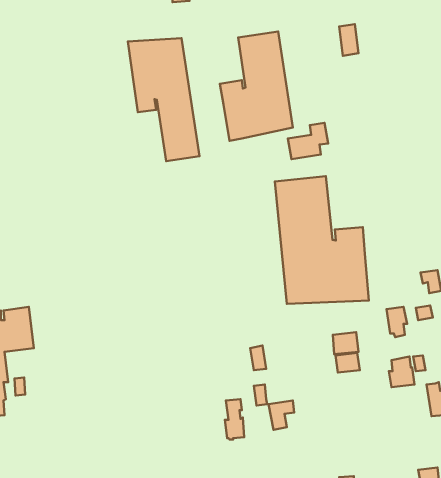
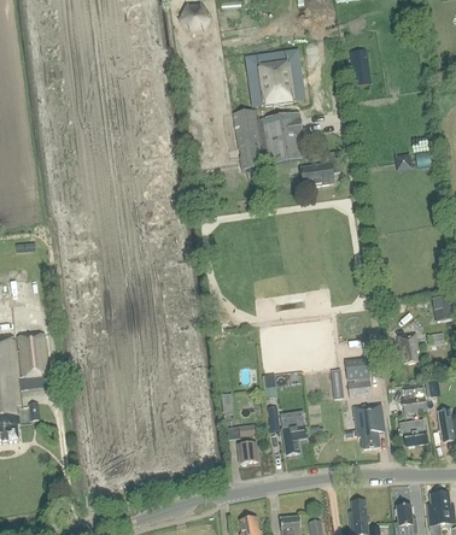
building: [128,38,200,161] -> none
building: [275,176,369,304] -> none
building: none -> [344,402,384,448]
building: none -> [399,418,427,446]

